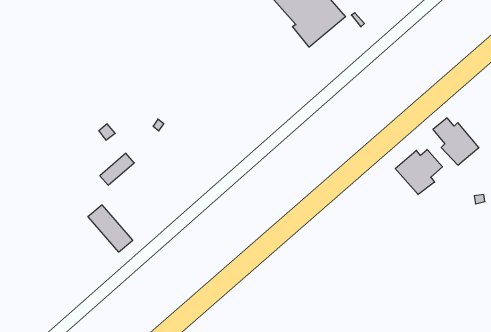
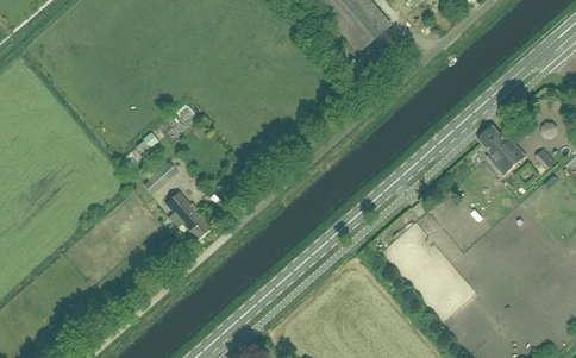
building: [395,149,442,195] -> none
building: [88,205,133,252] -> [165,191,211,239]

